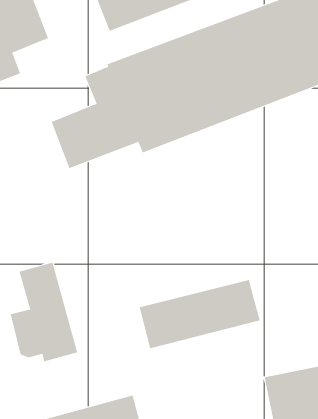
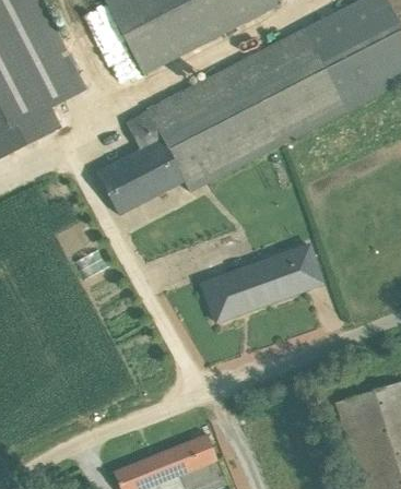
building: [10,262,78,362] -> none
building: [139,280,261,349] -> [200,242,322,322]

